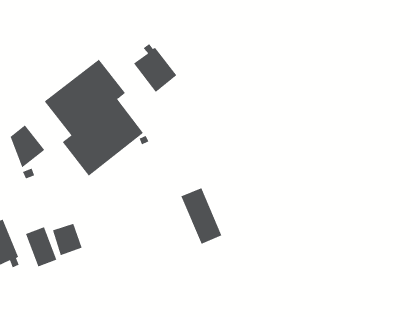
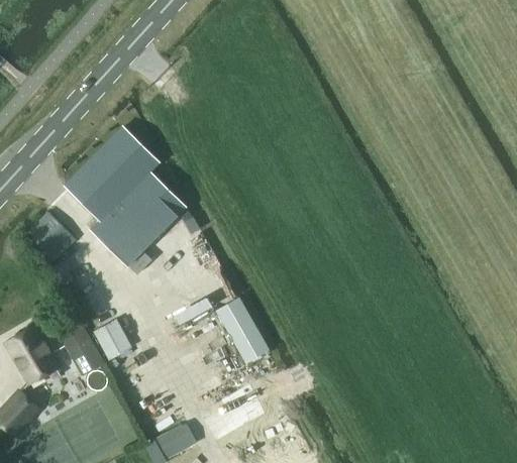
building: [133,43,177,93] -> none
building: [180,187,222,244] -> [214,297,268,362]

